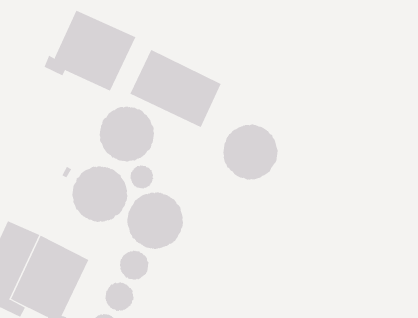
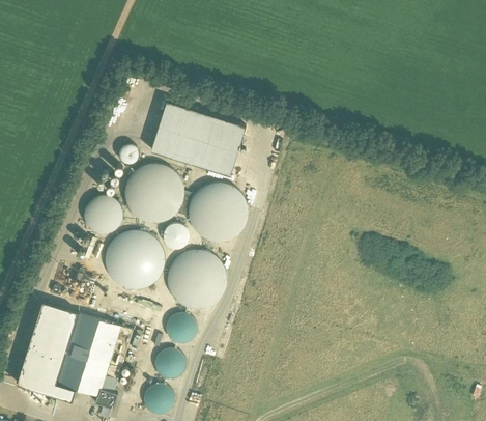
building: [44,10,136,91] -> none
building: [223,124,278,180] -> [189,184,247,243]
building: none -> [83,196,121,234]

